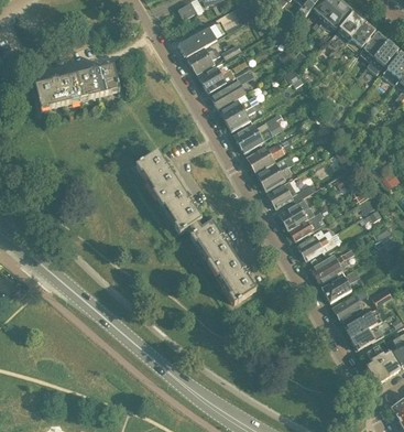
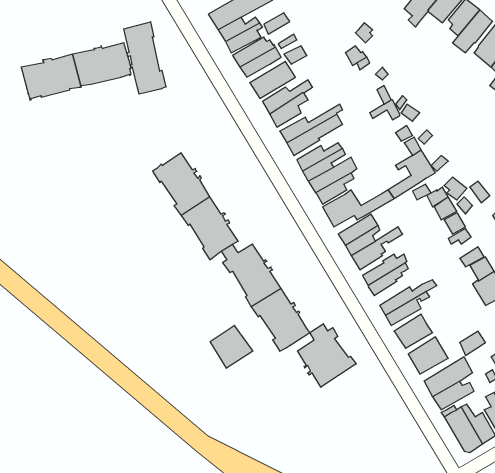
building: none -> [124,22,166,94]
building: none -> [298,324,356,387]
building: none -> [210,325,253,368]

